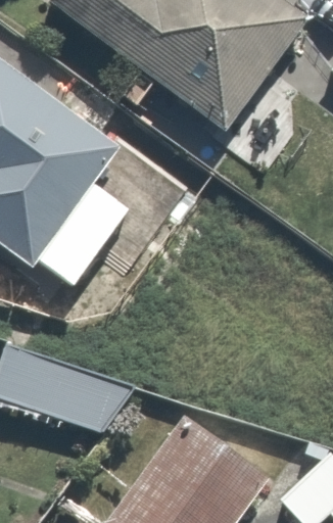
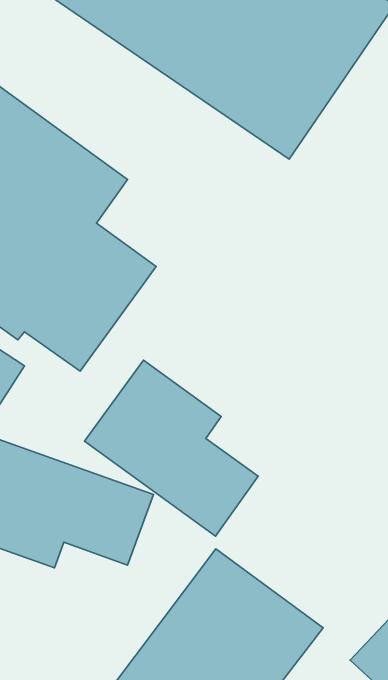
building: none -> [85,360,258,536]

